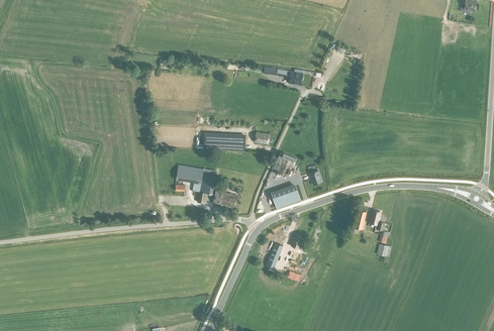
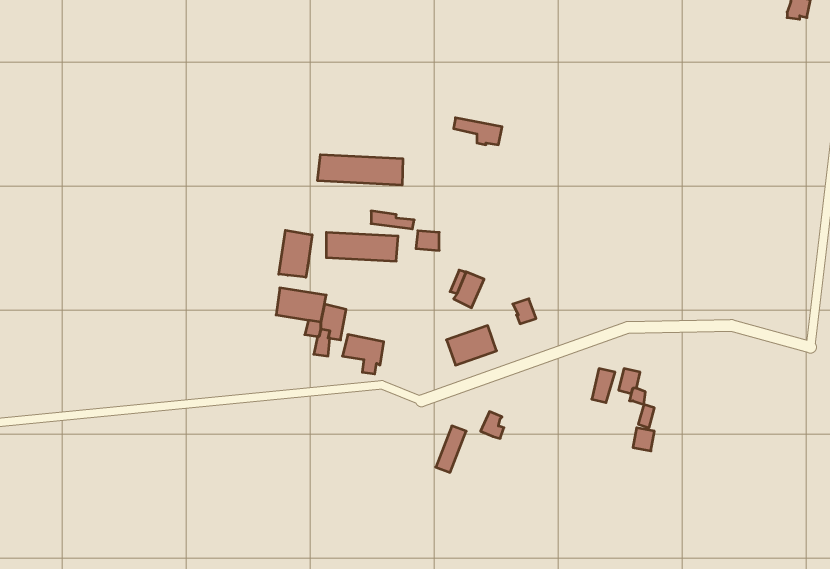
building: none -> [318,155,403,185]
building: none -> [279,230,312,277]

